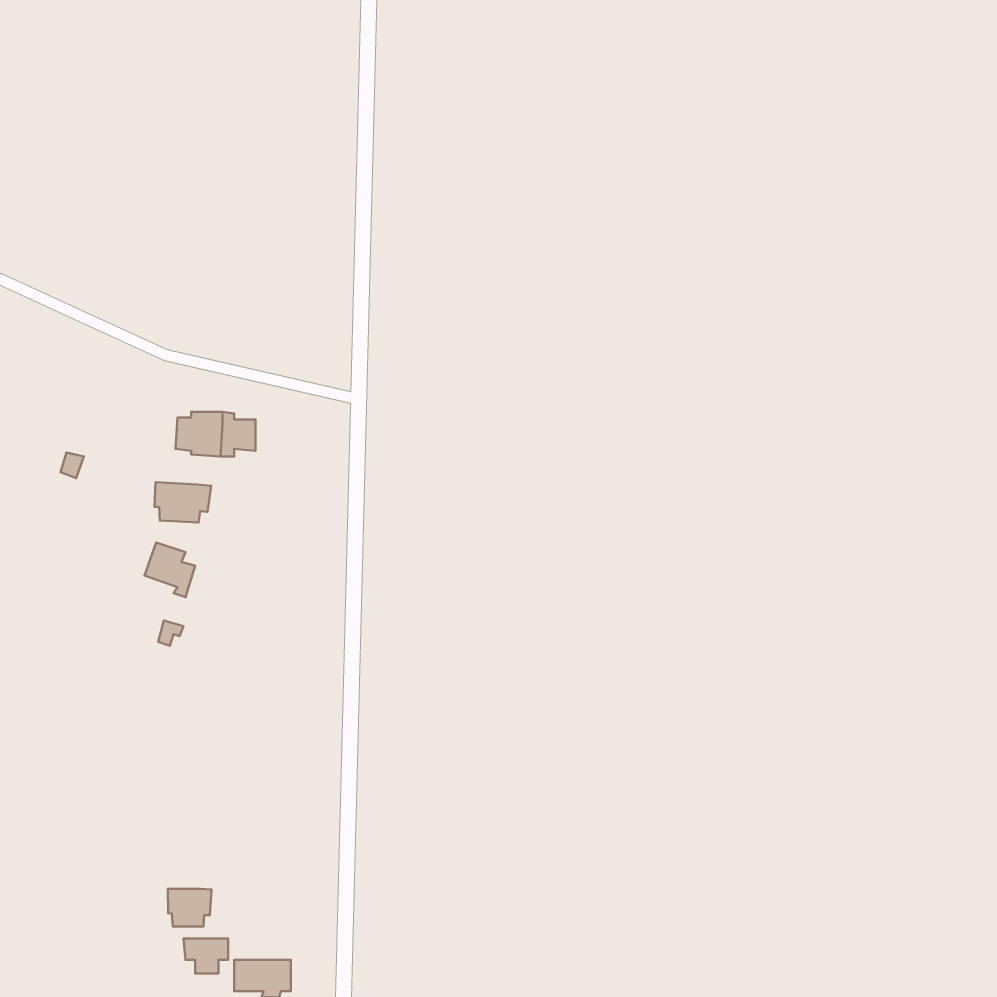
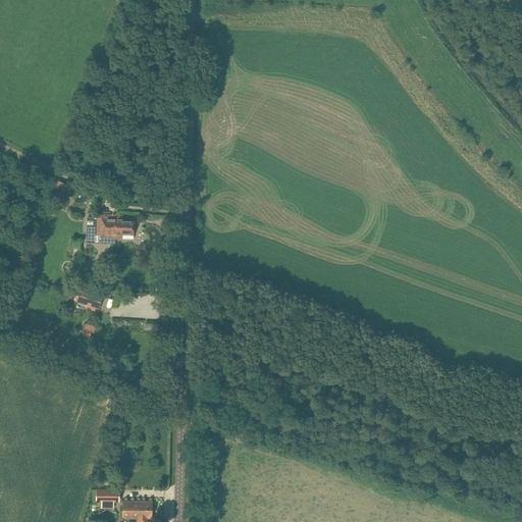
building: [154,482,211,523] -> none
building: [168,889,212,926] -> none

